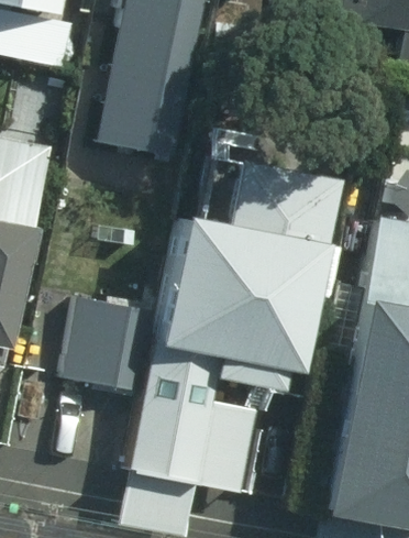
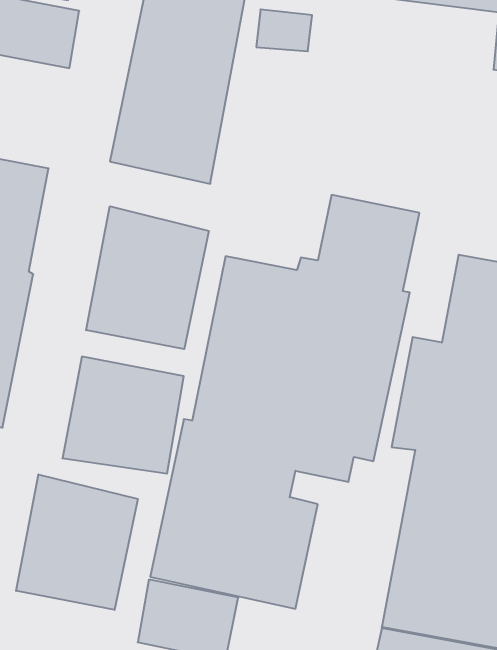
building: none -> [86,206,209,349]
building: none -> [16,474,138,610]

